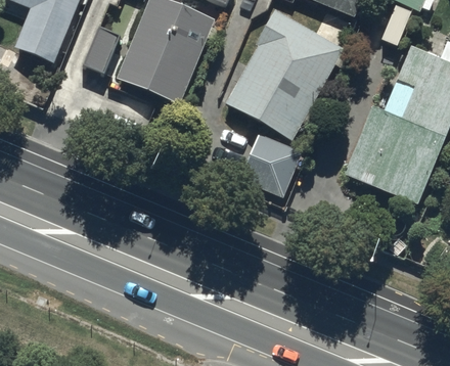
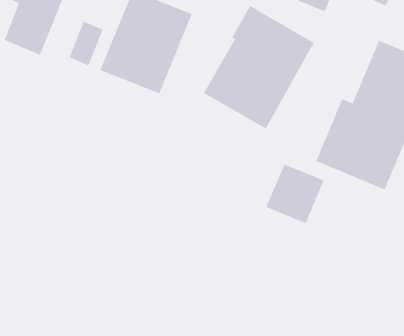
building: [239,134,302,197] -> [265,164,325,224]

